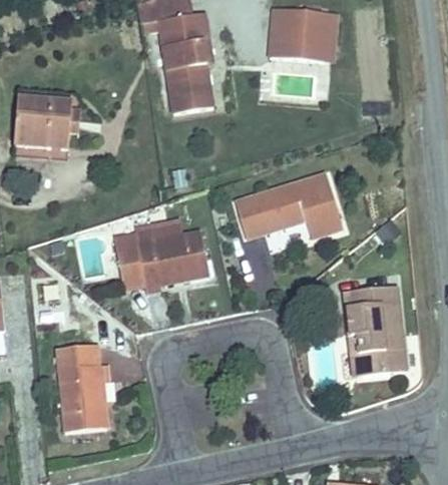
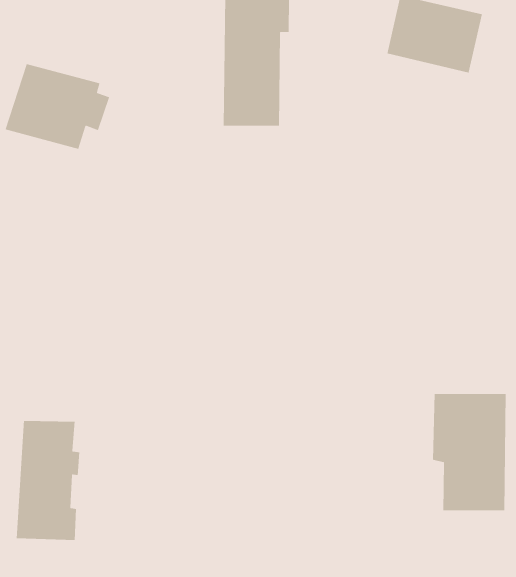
building: [240,172,342,232] -> none
building: [111,230,206,289] -> none

